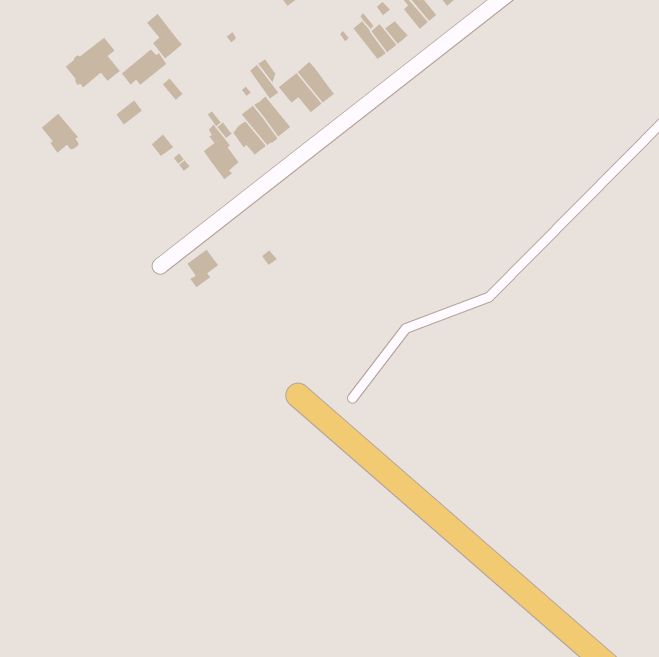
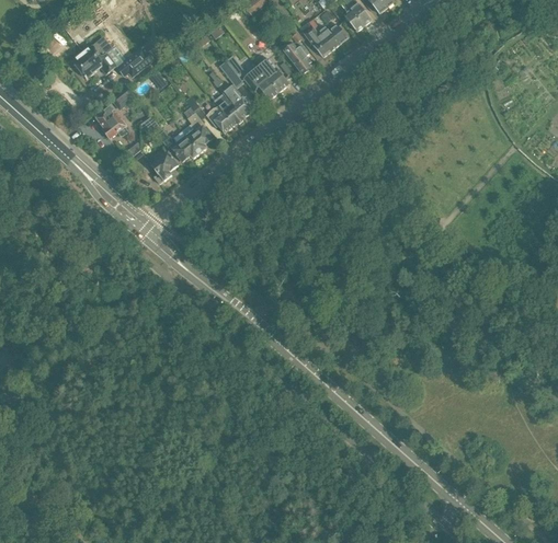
building: [146,13,183,60] -> none
building: none -> [282,41,310,74]
building: [41,113,79,154] -> [96,105,127,138]
building: none -> [171,129,201,162]
building: [187,249,219,288] -> [152,152,179,184]

